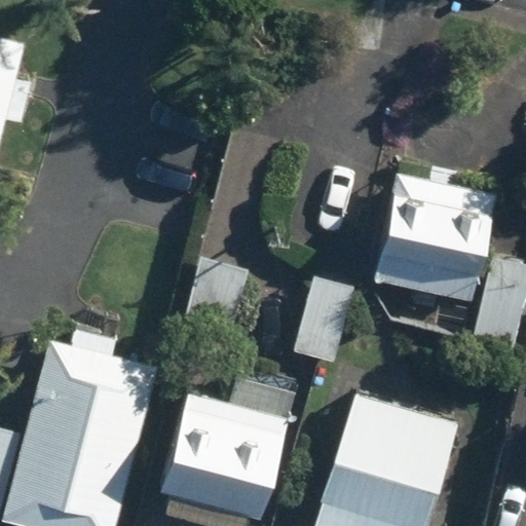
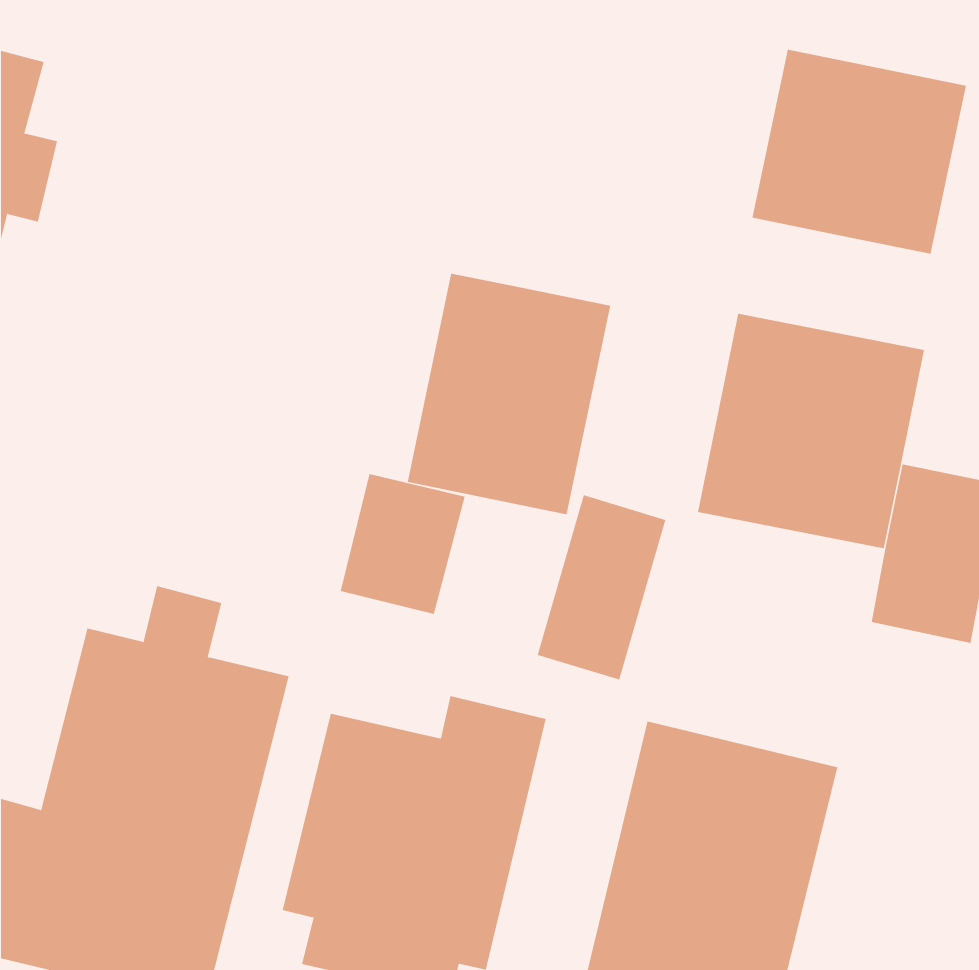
building: none -> [752,49,967,255]
building: none -> [407,273,611,515]

